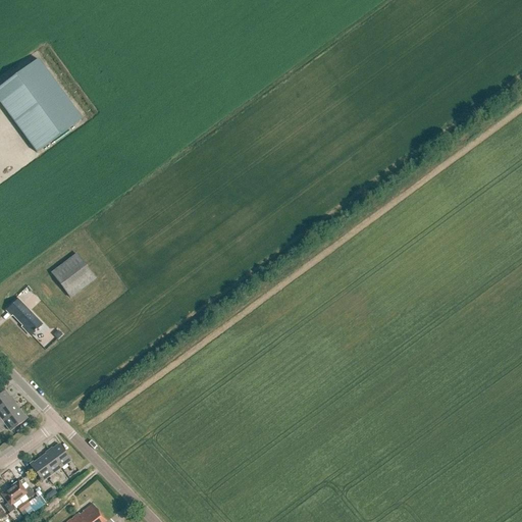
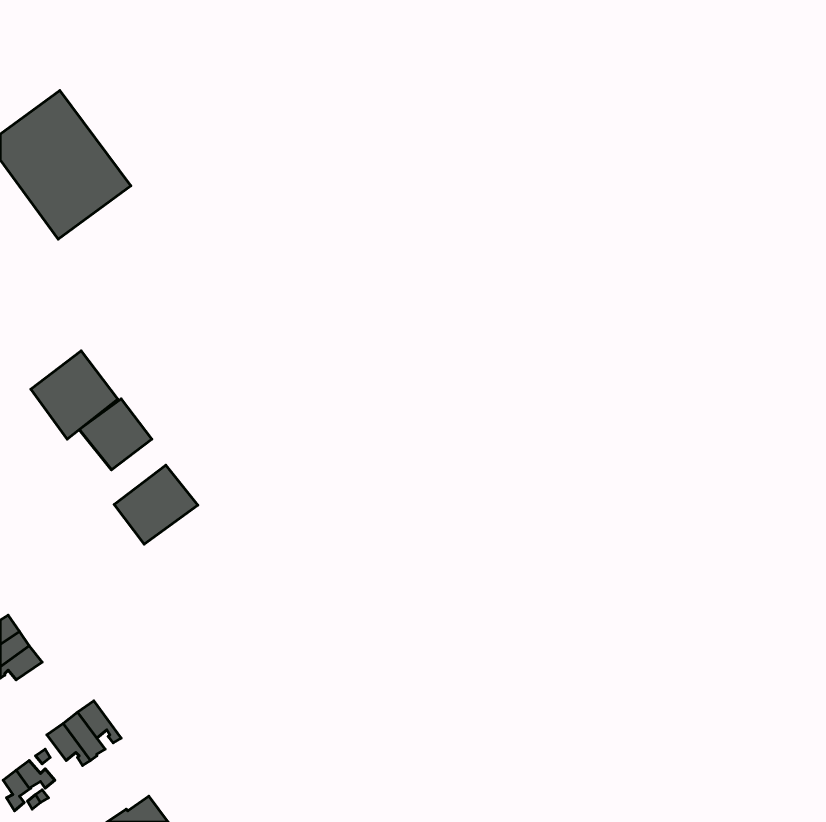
building: none -> [31,351,118,439]
building: none -> [114,465,198,544]
building: [7,298,42,333] -> none

